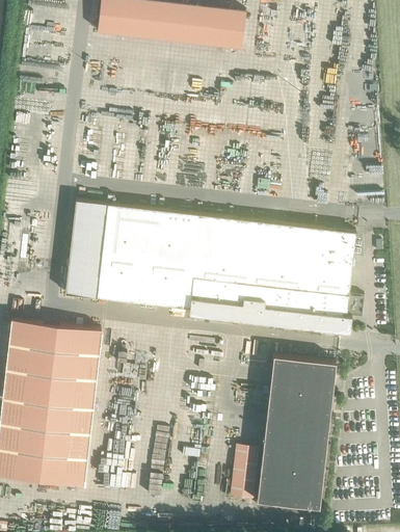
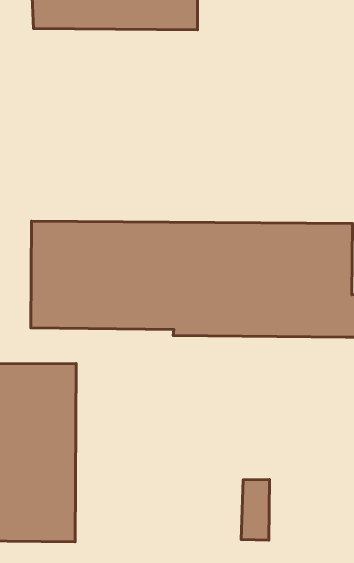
building: [256,356,336,509] -> none

